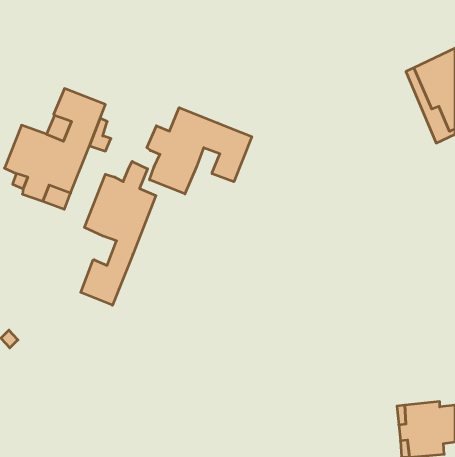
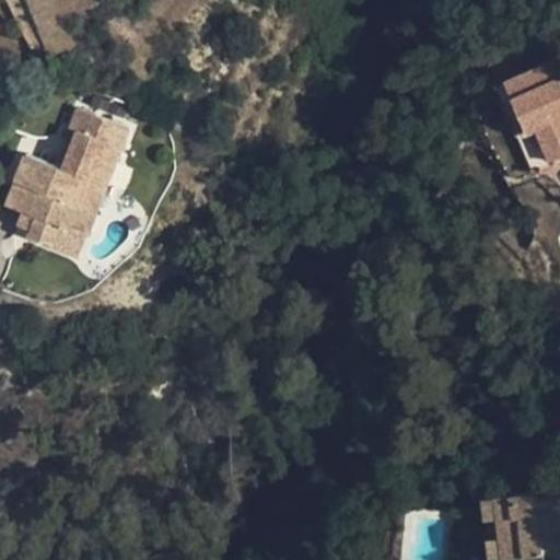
building: [147,108,252,194] -> none
building: [81,161,156,305] -> none

